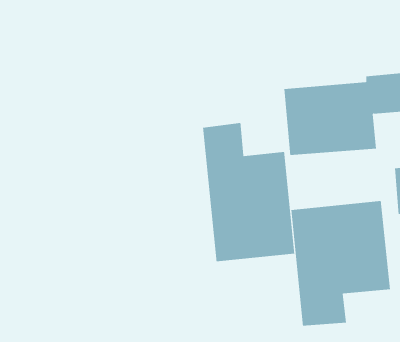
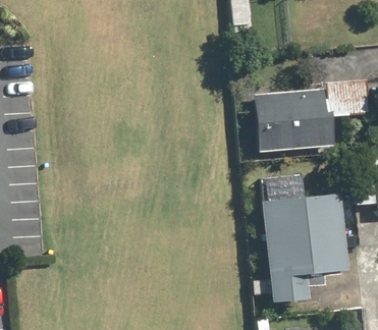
building: [202,122,295,262] -> none

